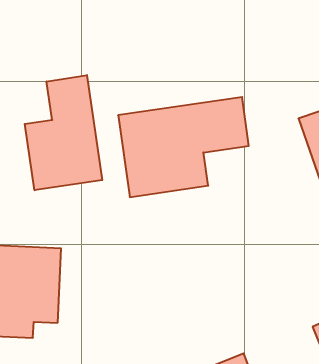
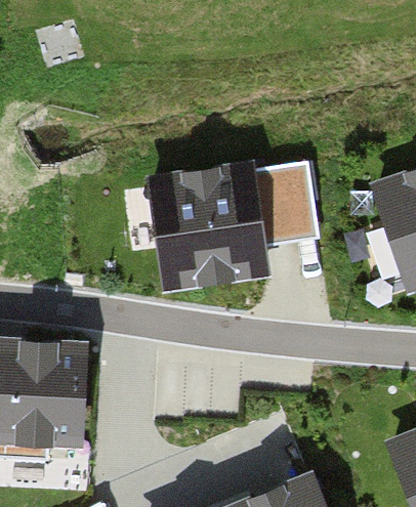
building: [25,75,102,190] -> none

